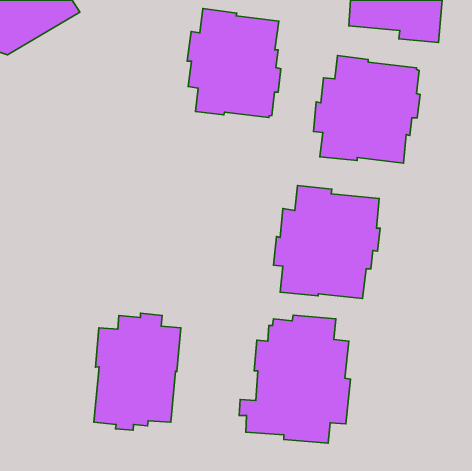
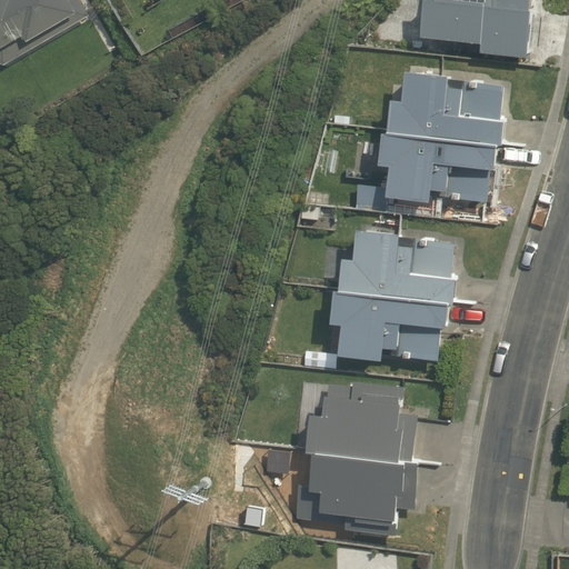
building: [187,8,281,118] -> none
building: [94,313,181,430] -> none

